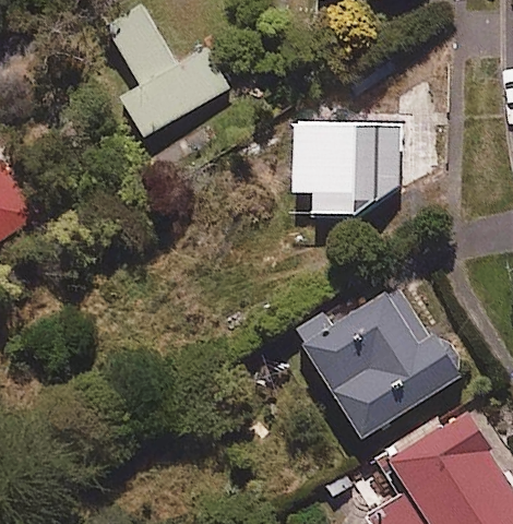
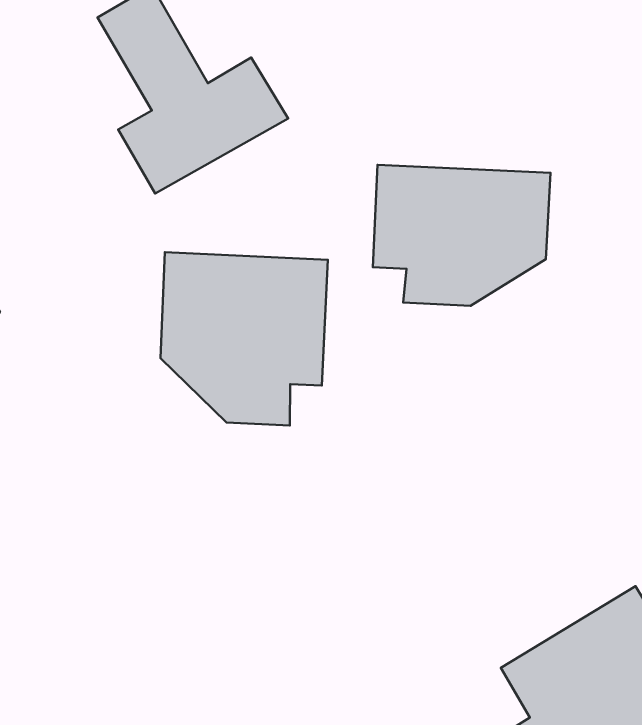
building: none -> [161,252,328,426]
building: [286,281,461,441] -> none

